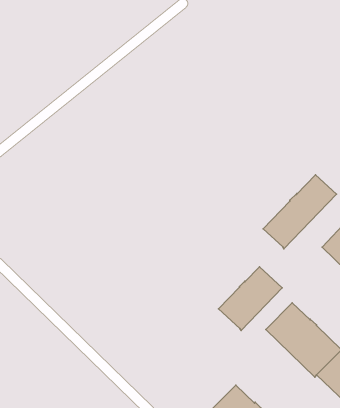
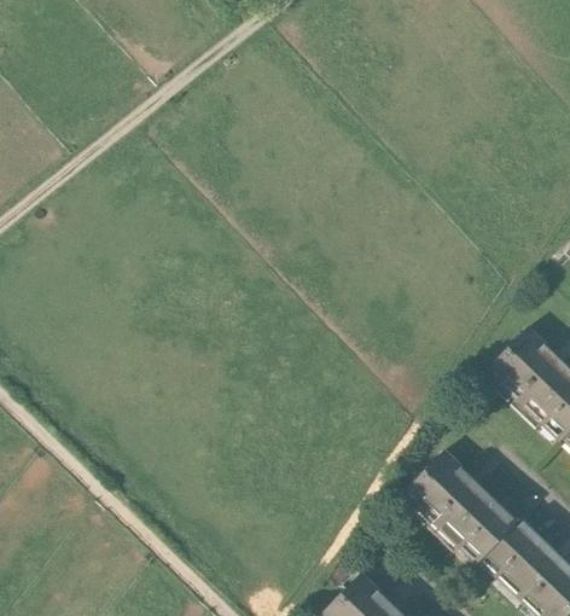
building: [263,175,337,249] -> none
building: [218,267,282,330] -> none

